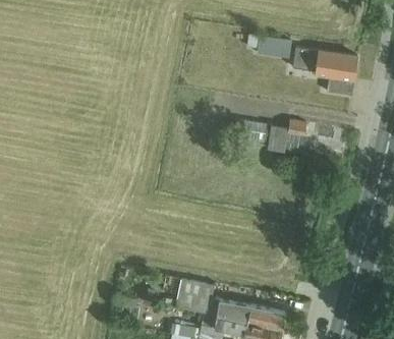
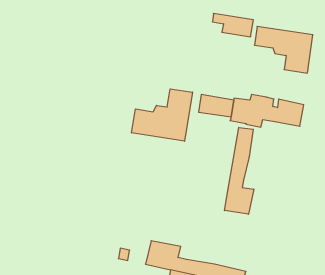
building: none -> [132,89,192,141]
building: none -> [225,127,254,214]

